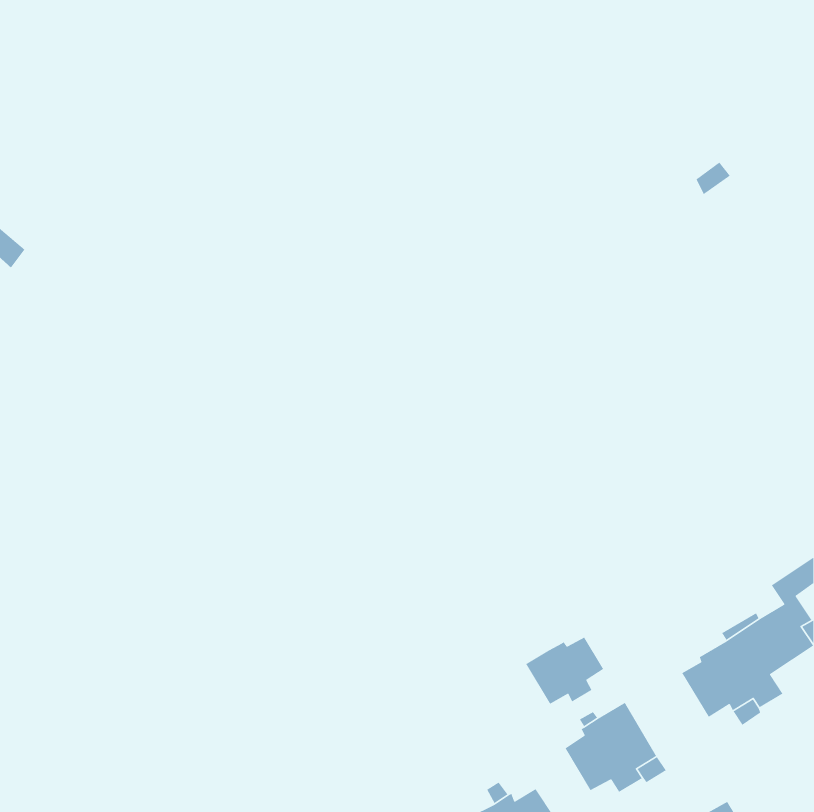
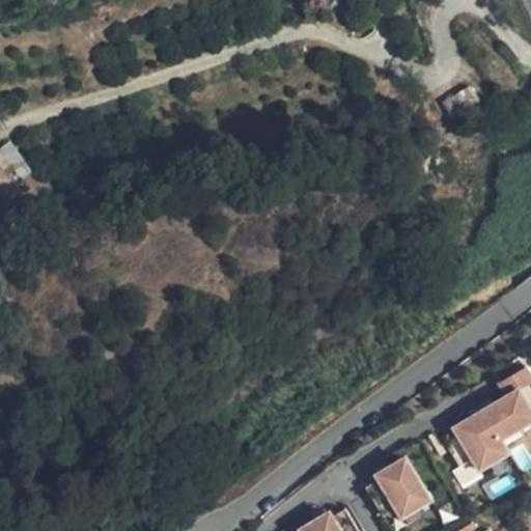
building: [525,636,604,705] -> none

